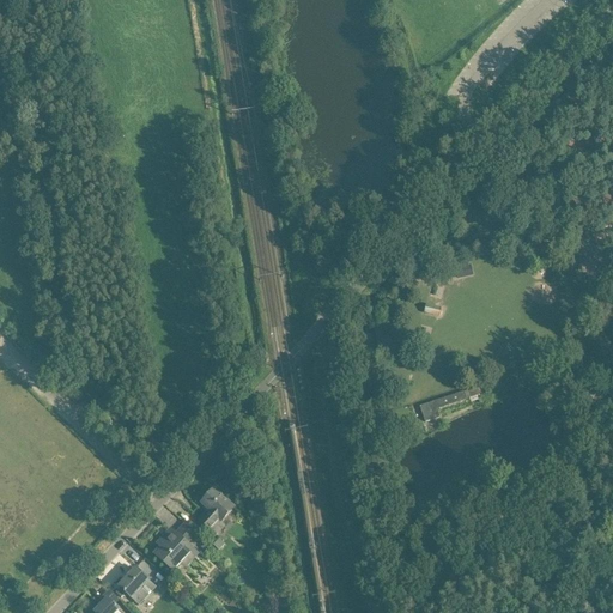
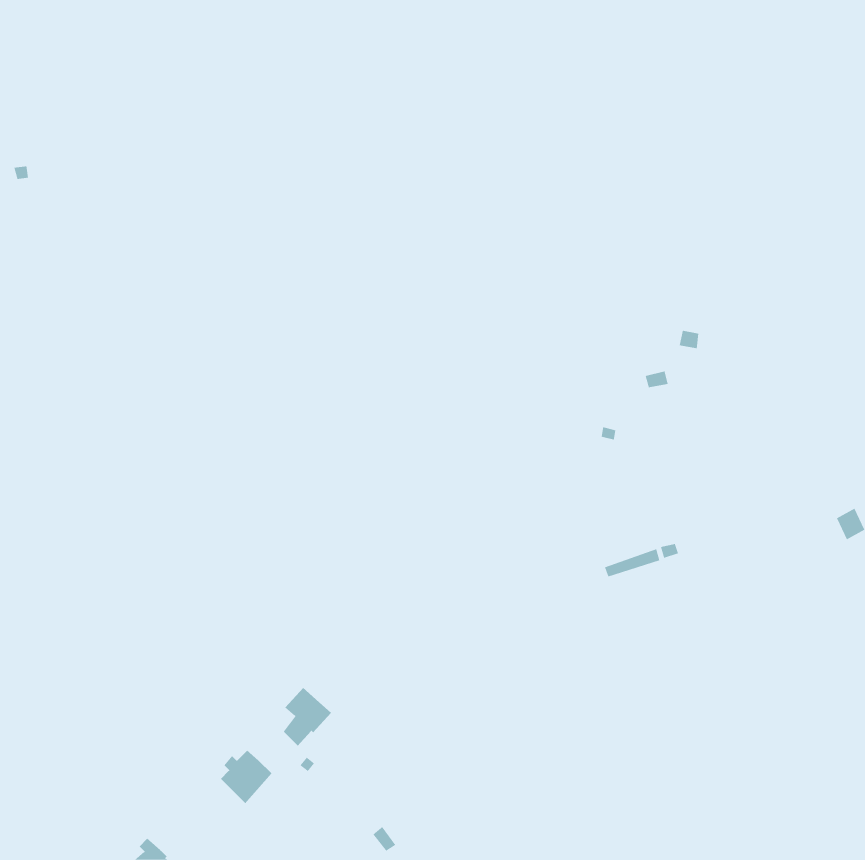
building: [119,565,157,603] -> none

